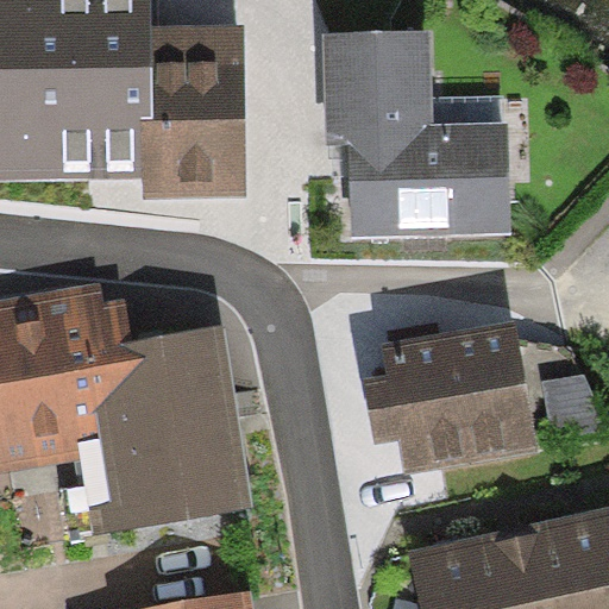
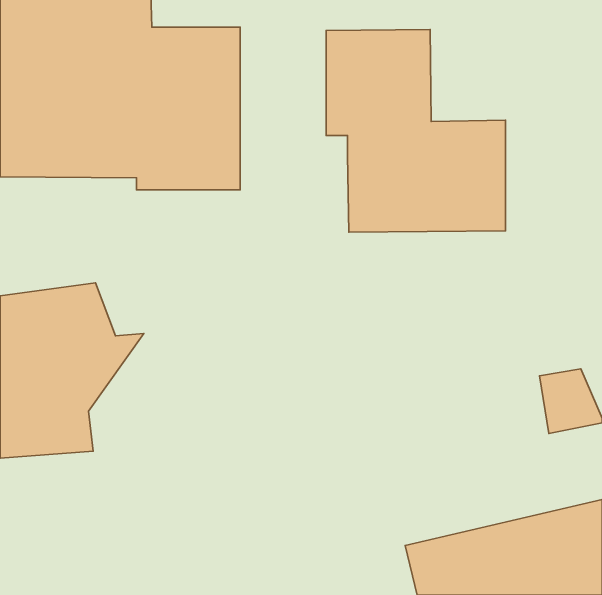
building: [369,325,536,473] -> none
building: [75,329,244,533] -> none

